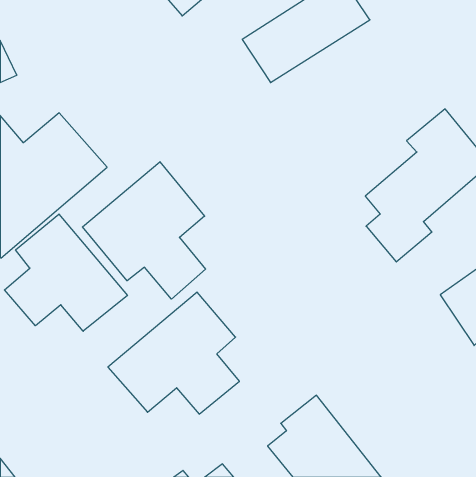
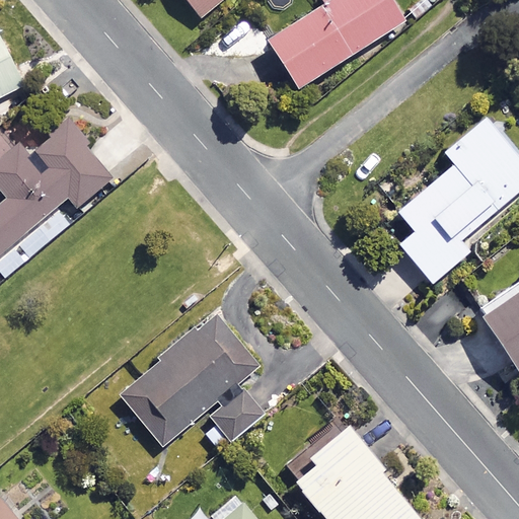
building: [82,162,206,299] -> none
building: [4,214,127,331] -> none

